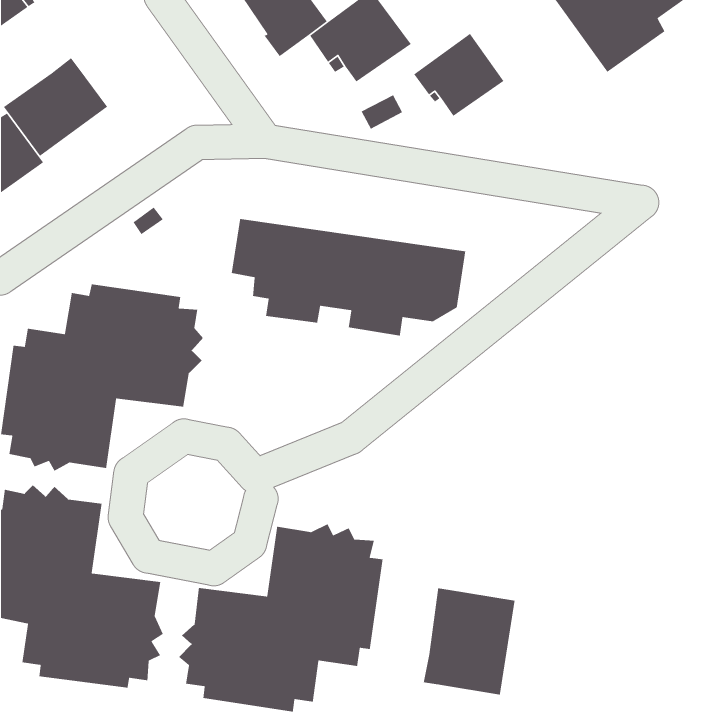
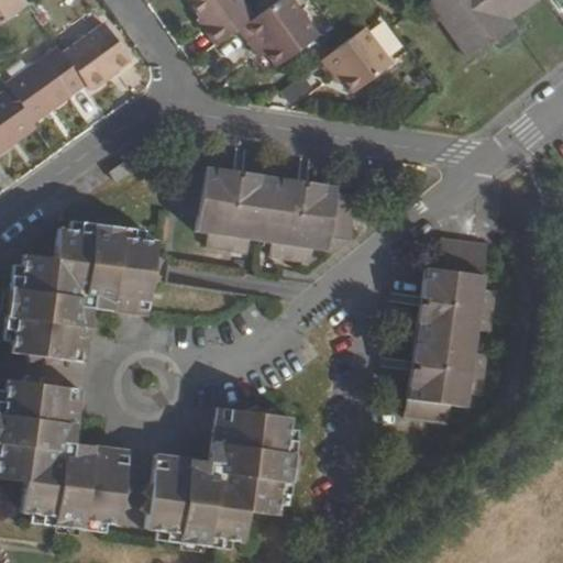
building: none -> [64,21,133,88]
building: none -> [405,239,498,423]
building: [423,587,515,696] -> none

